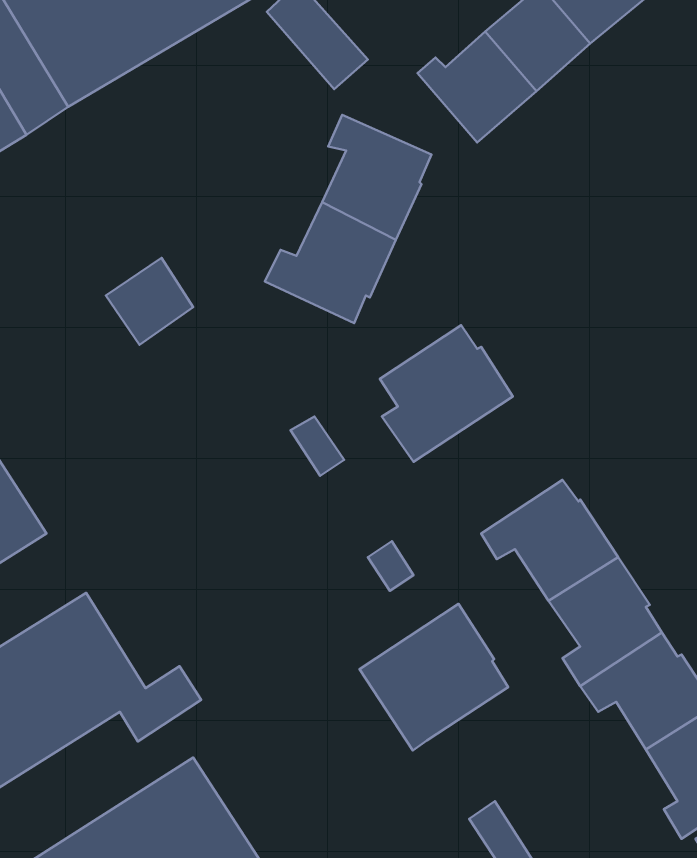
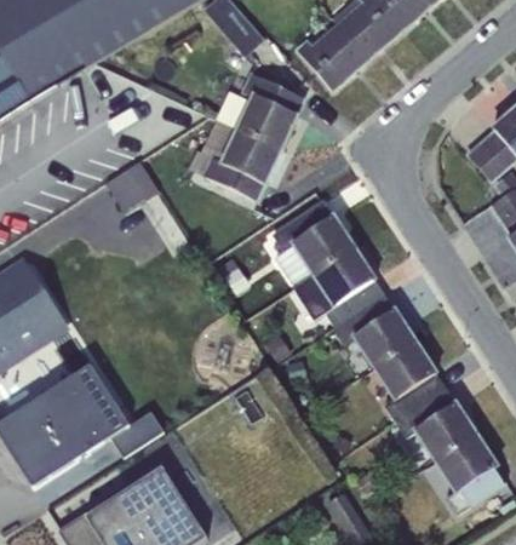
building: [359,604,508,751] -> [293,243,384,333]

